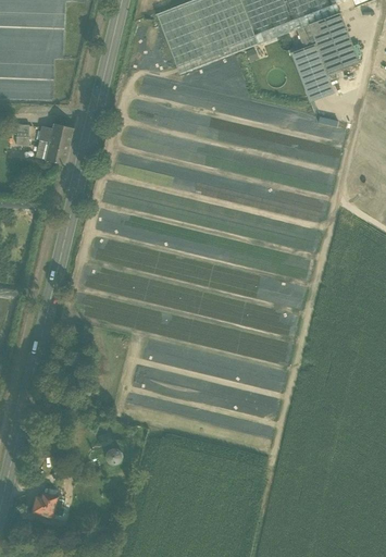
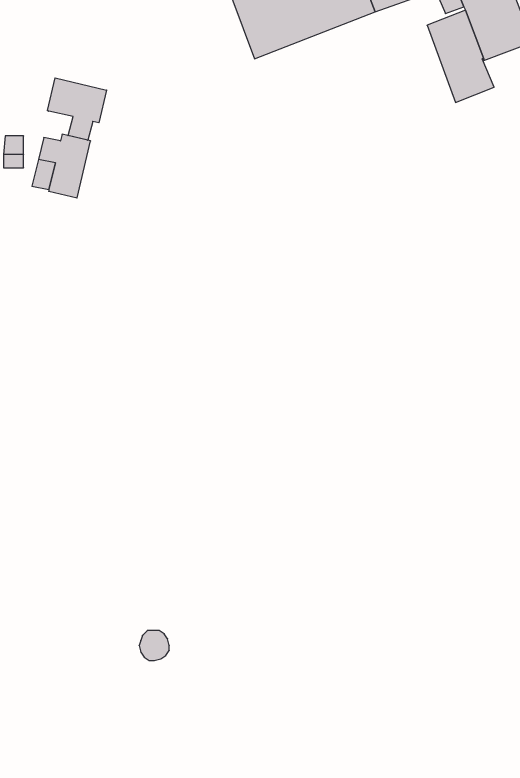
building: none -> [47,78,107,140]
building: [32,492,62,515] -> none

